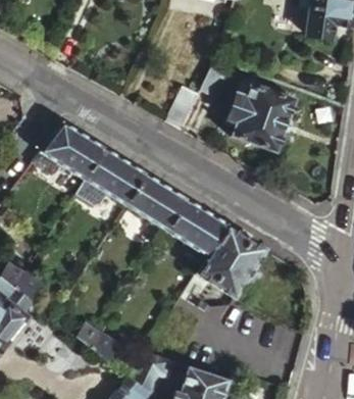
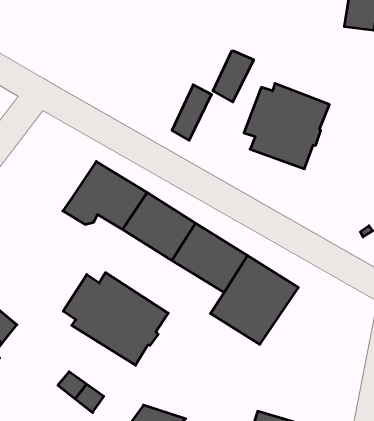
building: [31,122,104,180] -> none
building: none -> [63,273,168,365]

